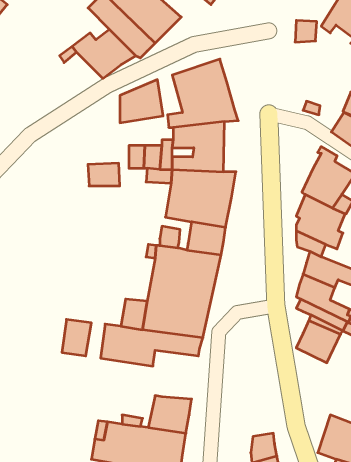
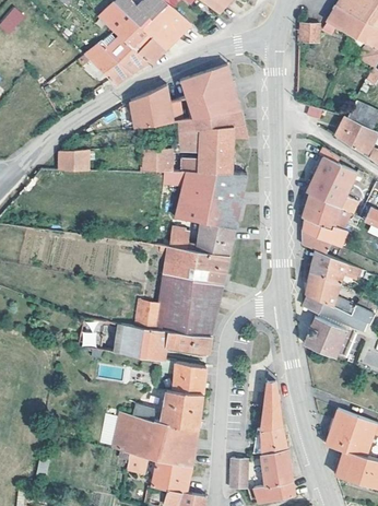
building: [88,163,120,186] -> [60,148,91,169]
building: none -> [170,363,205,392]
building: none -> [261,380,281,428]

